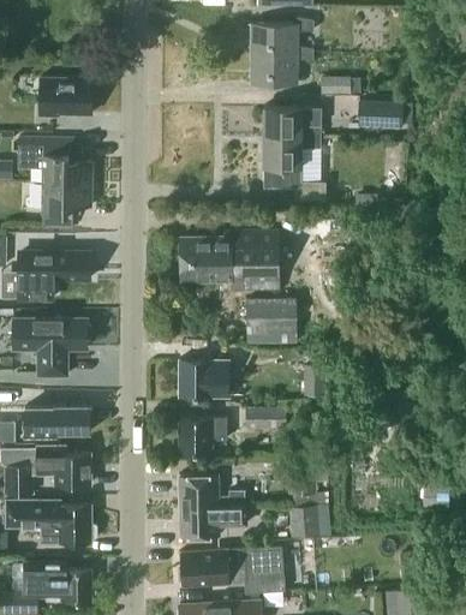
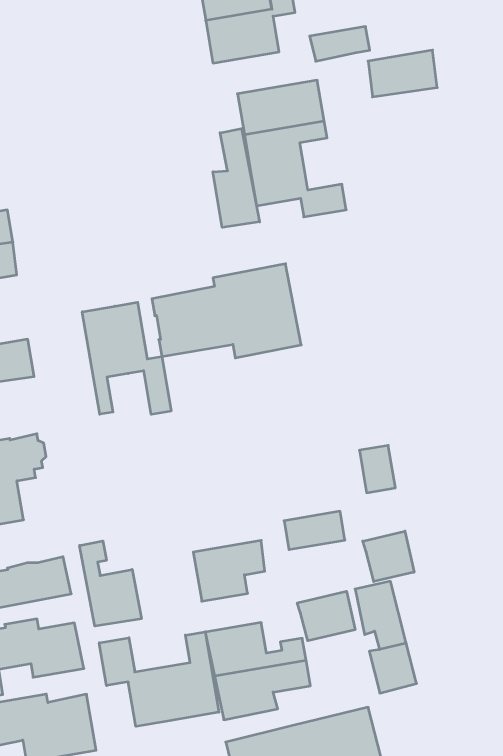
building: none -> [213,129,260,227]
building: none -> [82,302,171,414]
building: [245,299,295,344] -> none
building: [179,360,229,396] -> none
building: none -> [80,541,141,626]
building: none -> [363,531,414,582]
building: none -> [297,591,355,641]
building: none -> [99,632,219,726]

